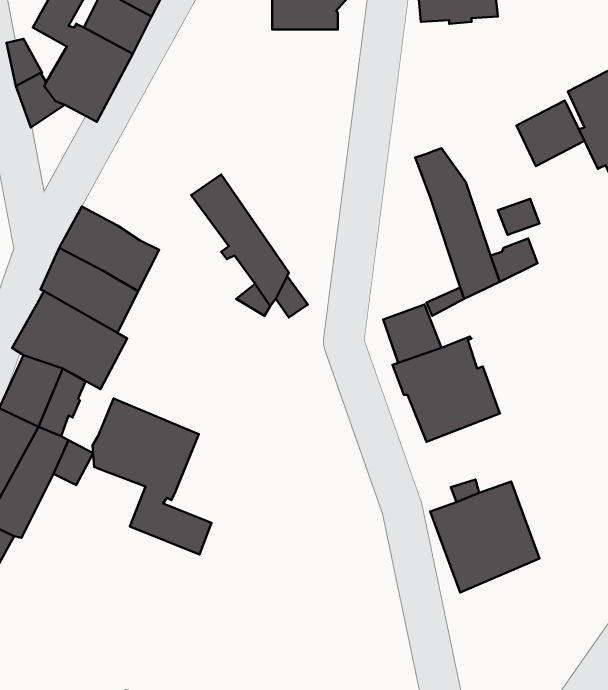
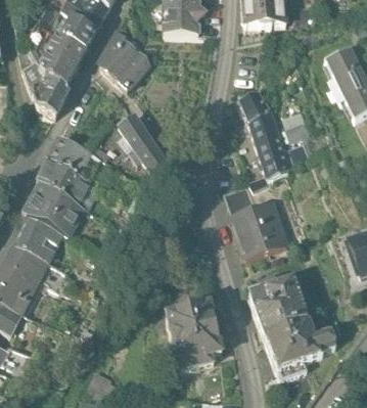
building: none -> [100,26,149,83]
building: [516,100,584,166] -> none
building: none -> [33,73,70,107]
building: [93,399,211,554] -> none
building: none -> [167,301,223,368]
building: none -> [266,319,323,380]

